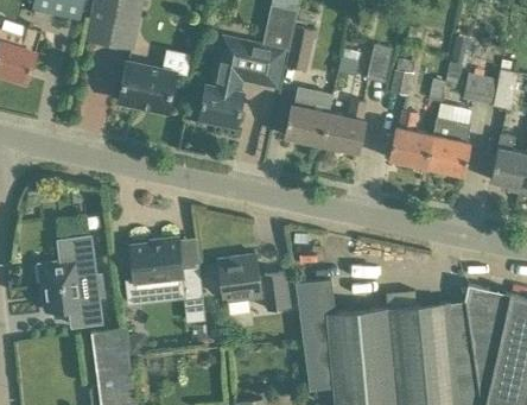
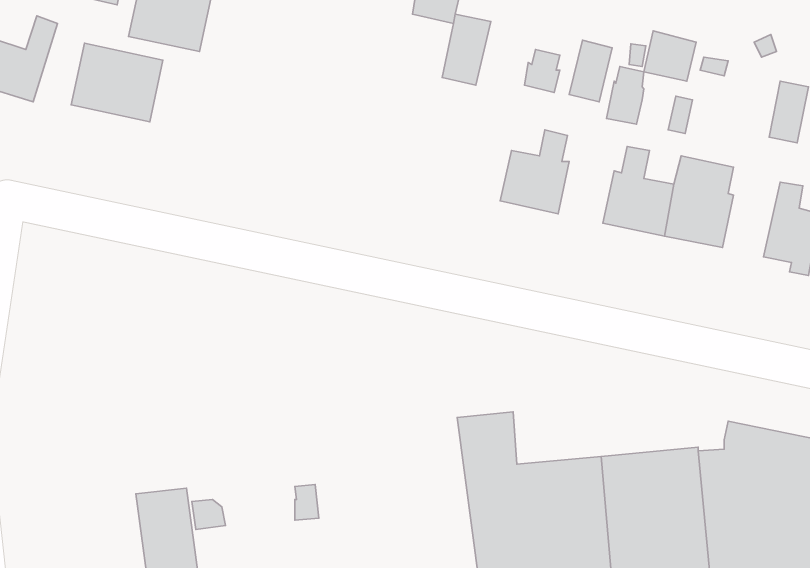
building: [198,38,287,126] -> none
building: [118,62,176,112] -> [71,43,163,122]
building: [463,74,496,106] -> [644,31,696,81]
building: [284,88,334,145] -> none
building: [39,236,106,330] -> none
building: [125,236,202,305] -> none
building: [216,255,288,314] -> none

